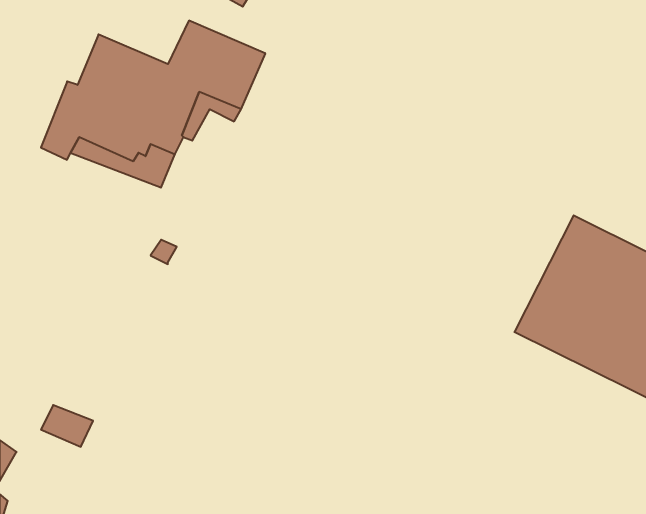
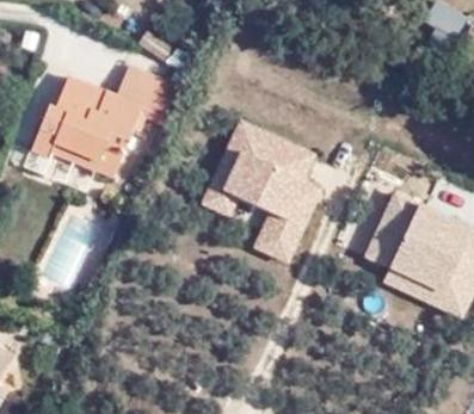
building: none -> [195,118,321,268]

